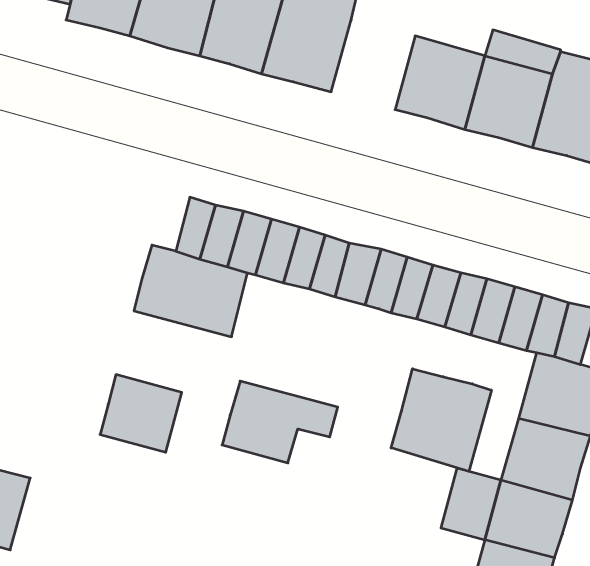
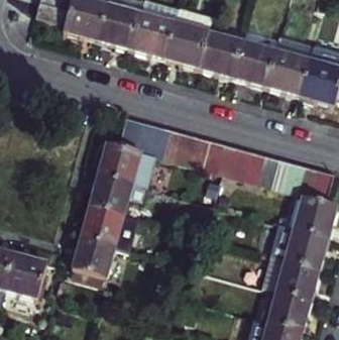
building: none -> [197,30,239,76]
building: [391,369,491,471] -> none
building: [222,381,338,463] -> [88,178,146,219]
building: none -> [72,240,113,279]

